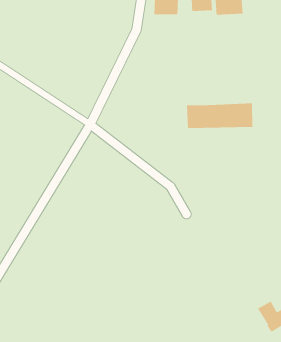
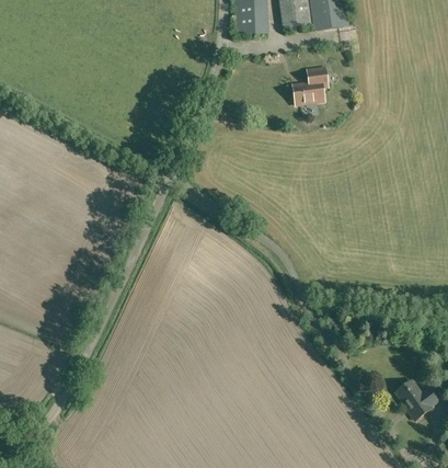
building: none -> [291,67,326,104]
building: [187,103,253,129] -> none

